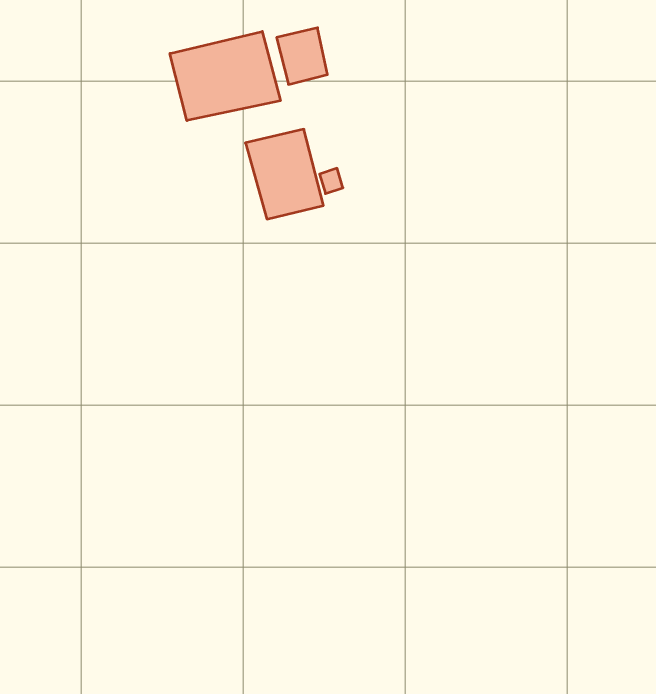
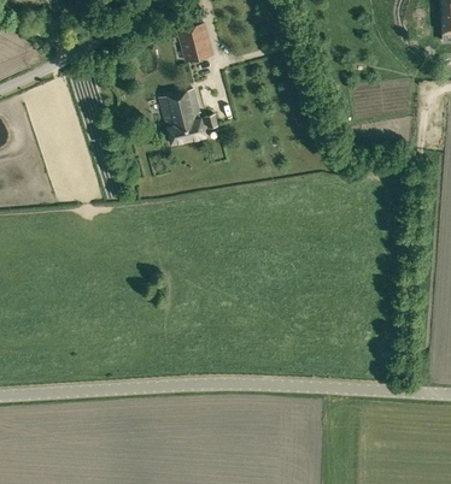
building: [170,31,280,121] -> none

